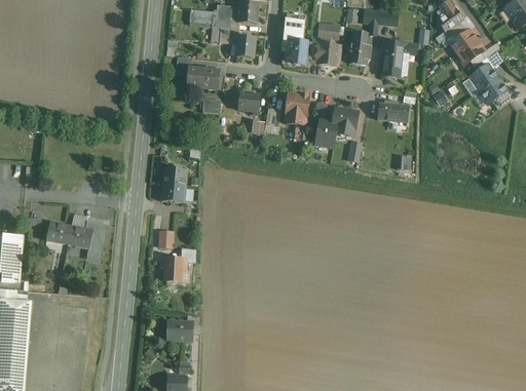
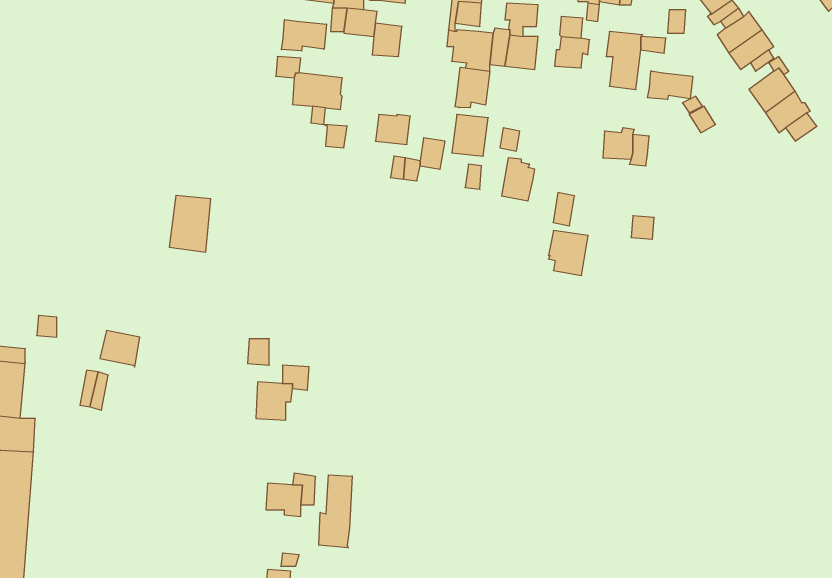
building: none -> [281,20,326,51]
building: none -> [455,67,490,108]
building: none -> [648,71,693,100]
building: [332,108,356,135] -> [548,231,588,275]
building: [160,167,186,202] -> [169,196,211,252]
building: [46,221,71,243] -> none
building: [86,230,106,258] -> none
building: none -> [319,475,352,548]

